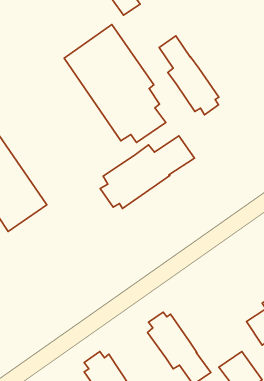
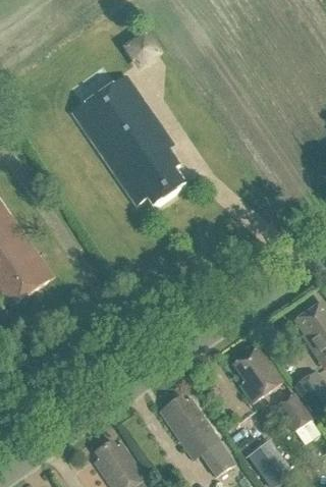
building: [159,36,219,115] -> none
building: [100,136,194,208] -> none
building: none -> [232,347,282,398]

